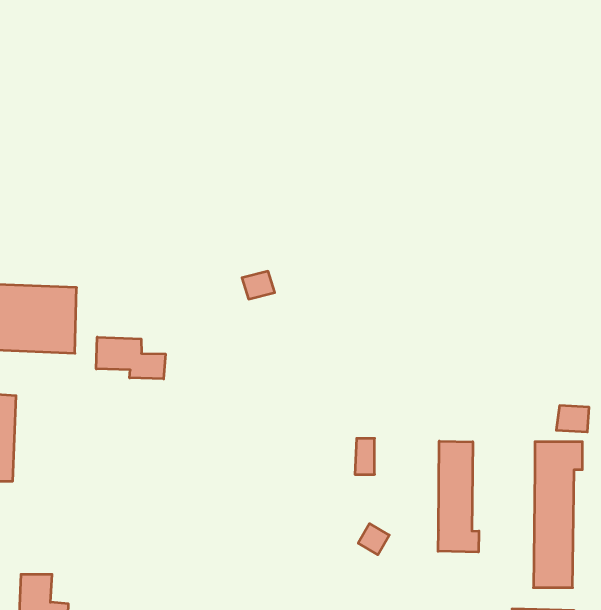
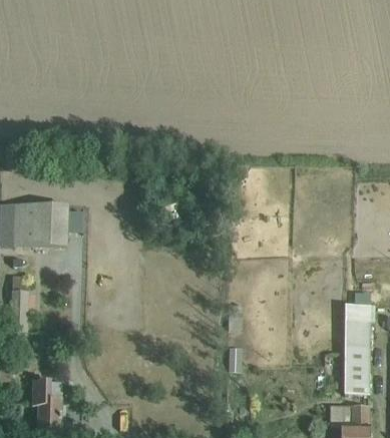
building: [96,337,165,379] -> none
building: [438,441,479,552] -> none

